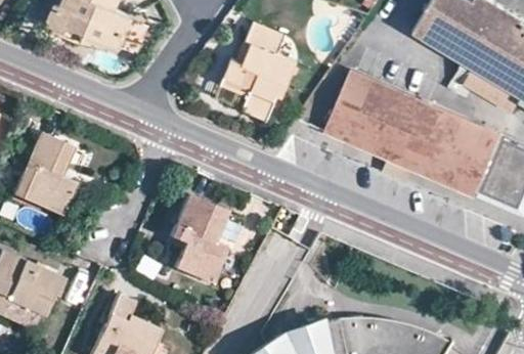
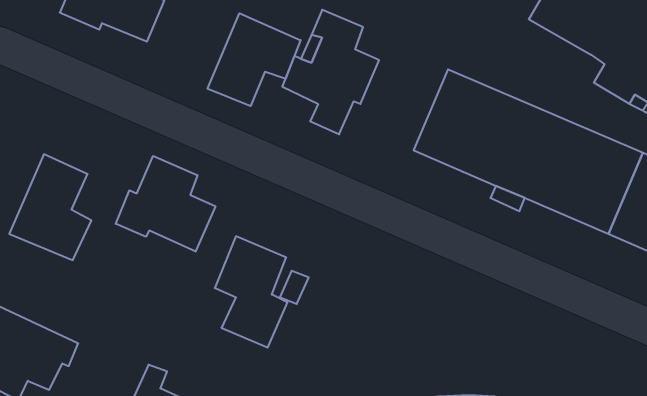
building: none -> [208,13,301,106]
building: none -> [116,156,215,252]

